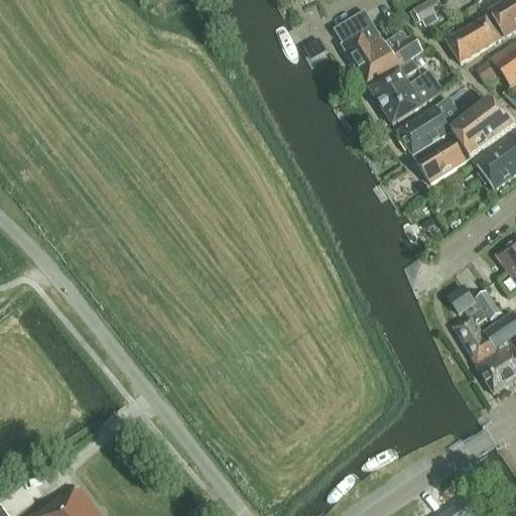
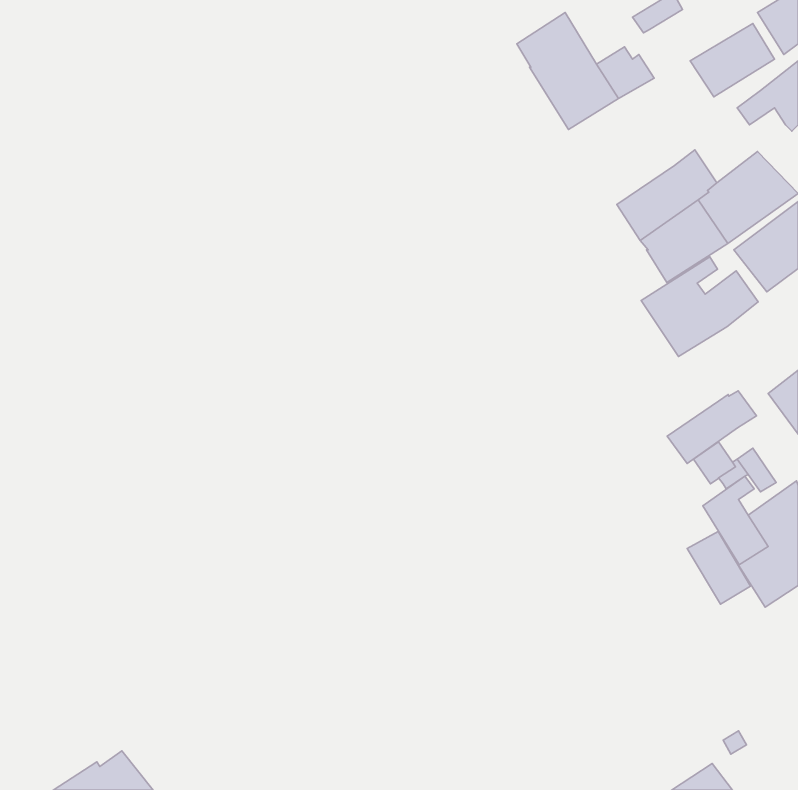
building: [368,58,443,123] -> [641,257,758,357]
building: none -> [667,391,756,463]
building: none -> [687,531,750,604]

